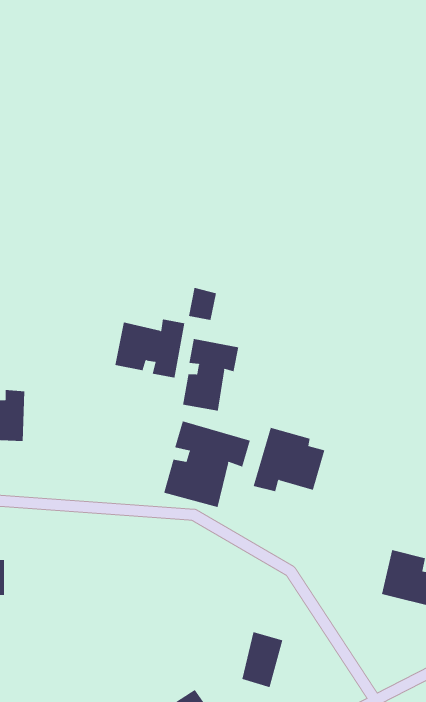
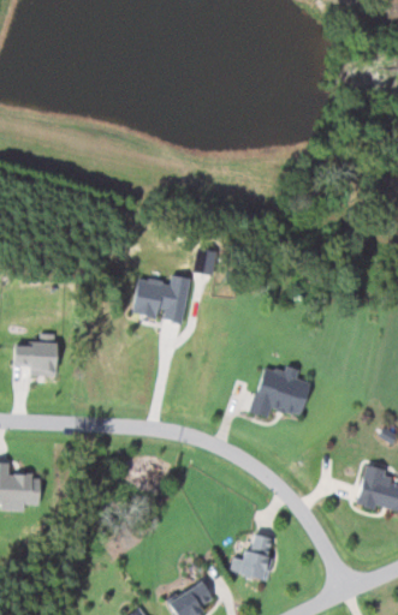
building: [182,338,239,411] -> none
building: [164,420,250,508] -> none

